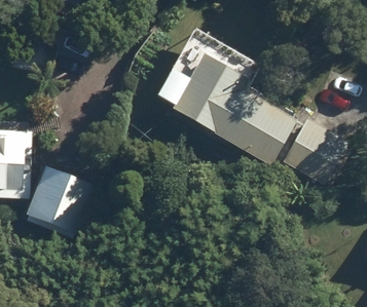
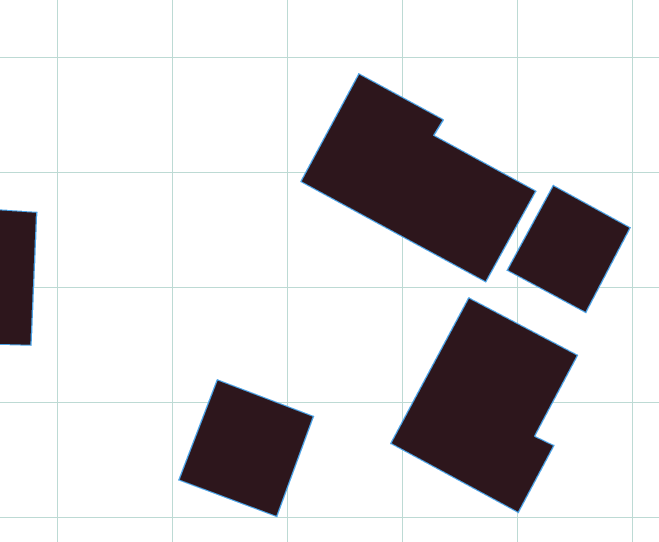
building: [24,163,96,236] -> [179,380,314,517]
building: none -> [391,298,577,513]

